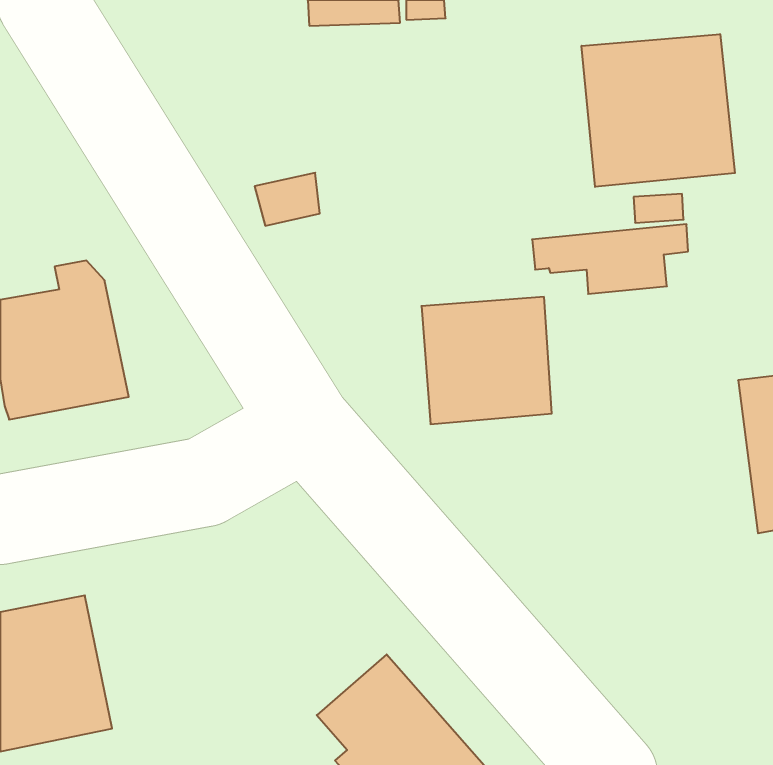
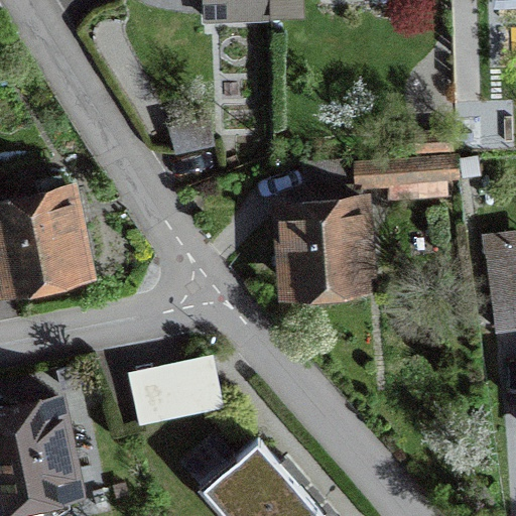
building: [582,34,735,187] -> none
building: none -> [134,362,220,423]

